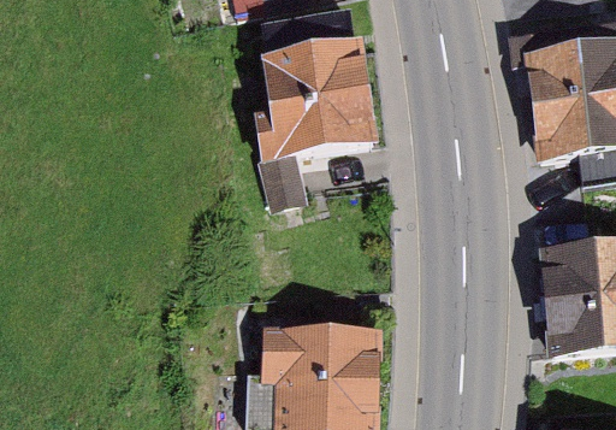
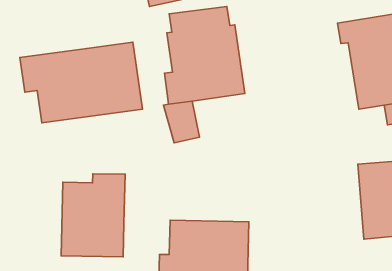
building: none -> [20,42,142,123]
building: none -> [61,174,125,257]

